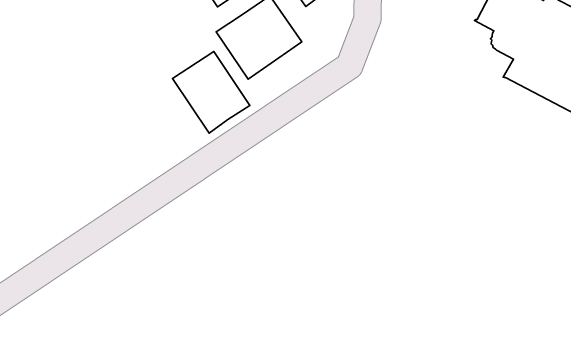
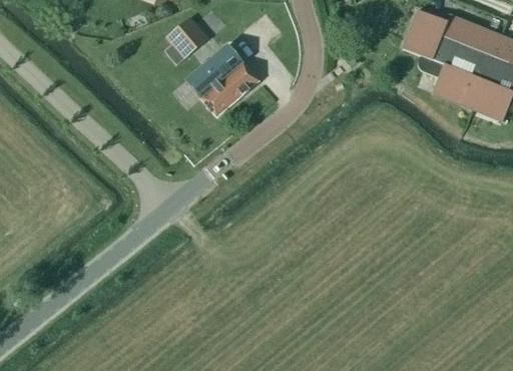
building: [172,51,250,133] -> none

